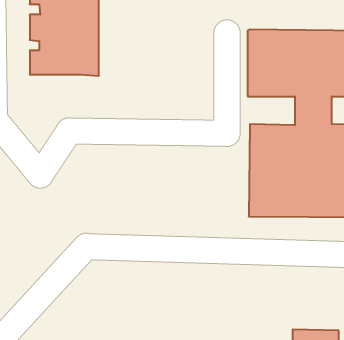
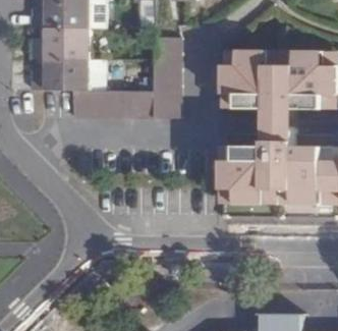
building: none -> [72,34,180,117]

